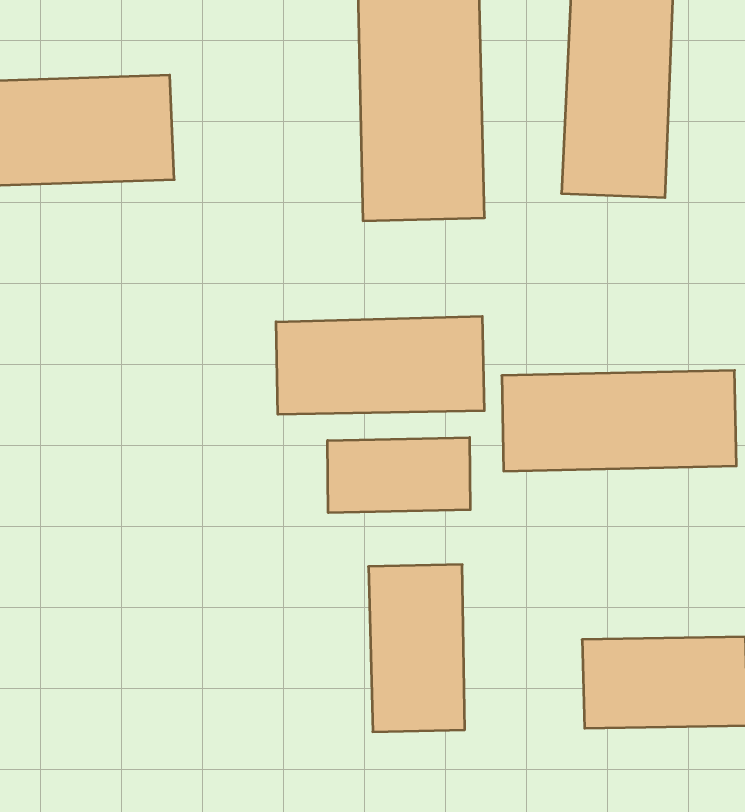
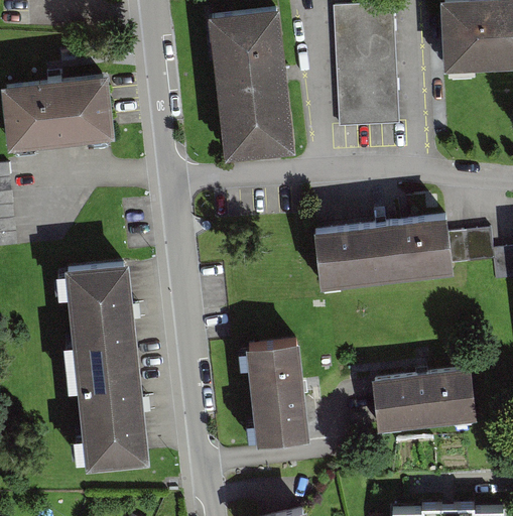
building: [276,316,484,414] -> none
building: none -> [63,253,149,462]
building: [328,437,470,513] -> none

